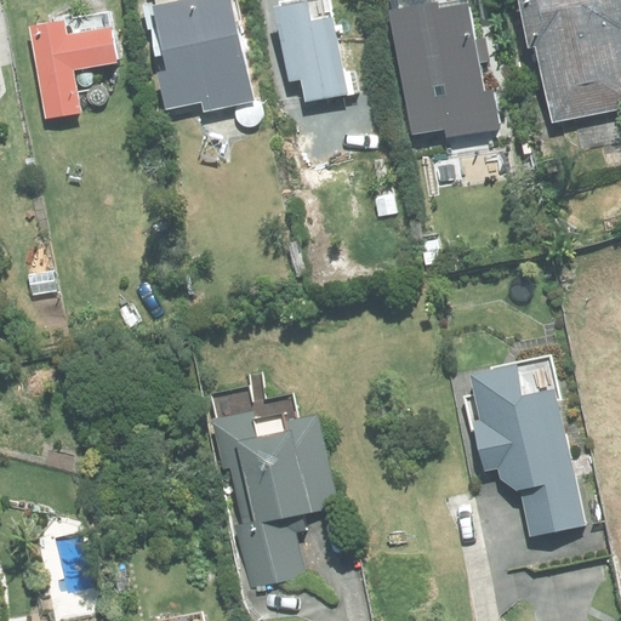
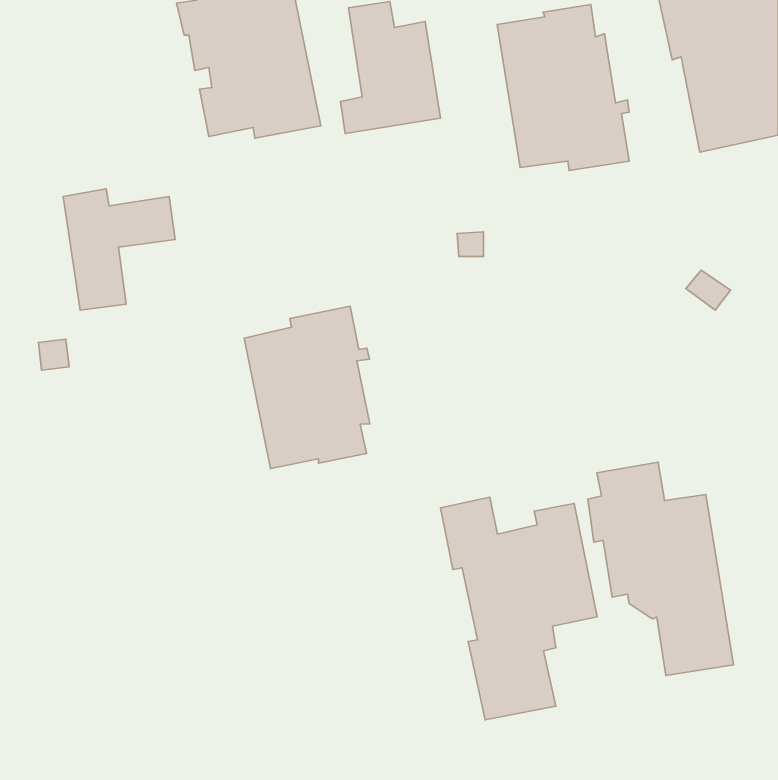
building: [29,21,118,116] -> [63,189,175,310]
building: none -> [244,306,370,468]
building: [212,410,336,586] -> [441,497,597,720]

